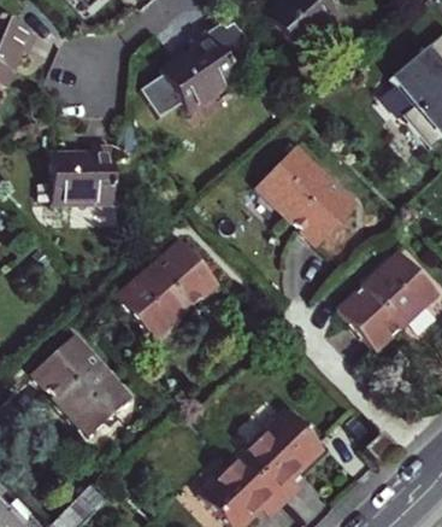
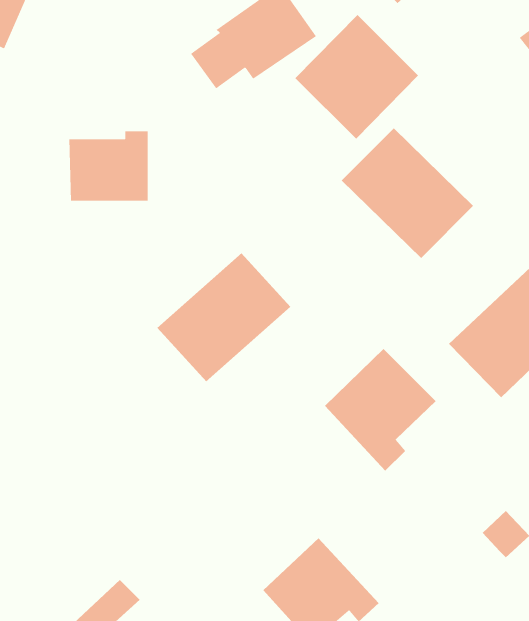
building: none -> [295,14,419,140]
building: [34,333,134,434] -> none
building: [241,410,325,503] -> [324,348,436,472]

